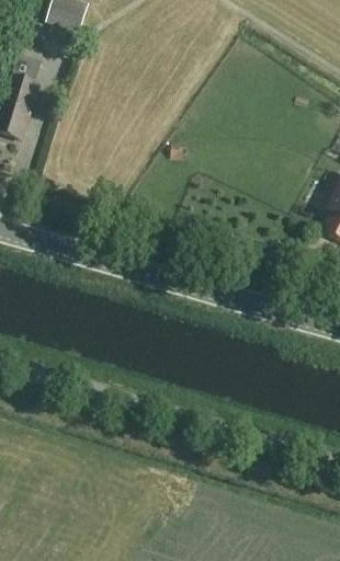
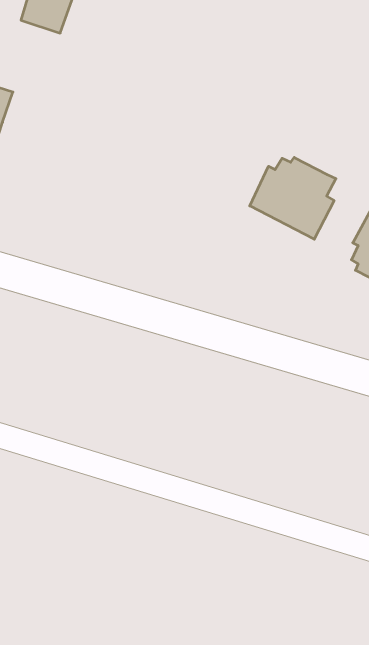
building: none -> [250,157,336,239]

